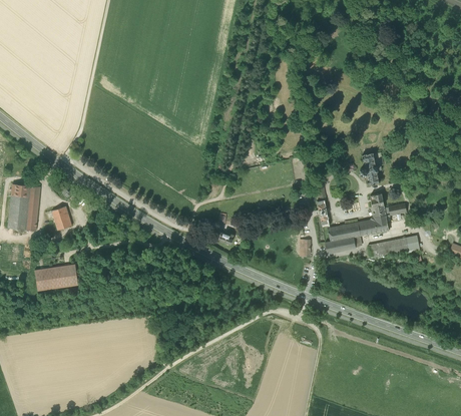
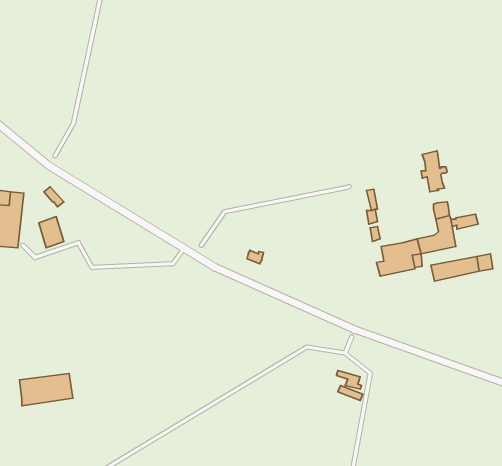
building: [35,264,78,290] -> [19,373,73,406]

